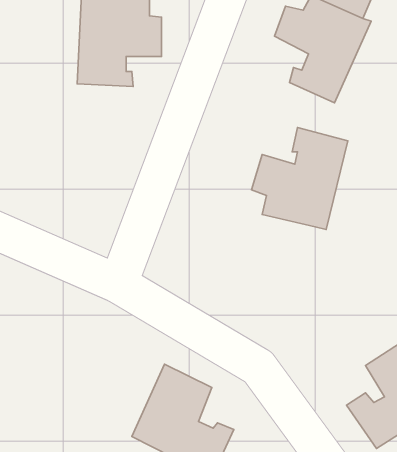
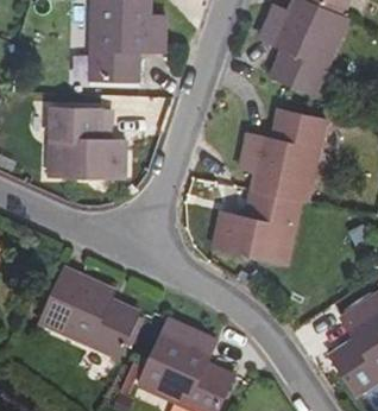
building: none -> [44,110,119,177]
building: none -> [207,188,296,263]
building: none -> [34,270,131,356]

